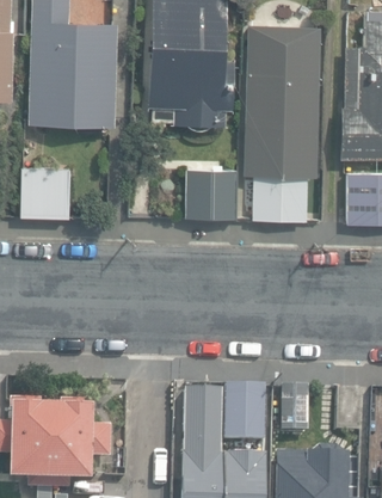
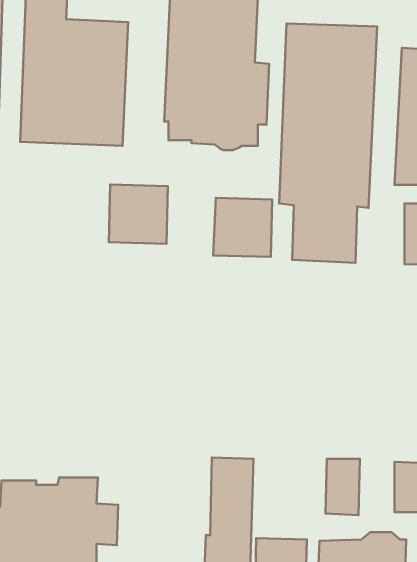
building: [20,167,69,216] -> [109,185,168,244]
building: [223,383,265,439] -> none

